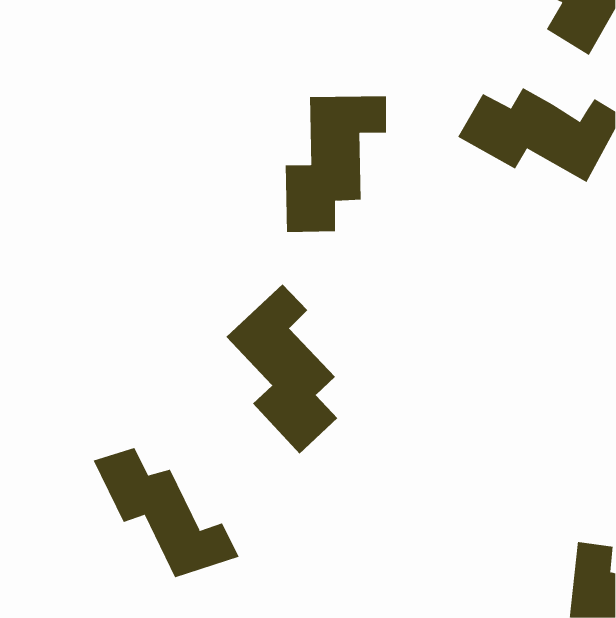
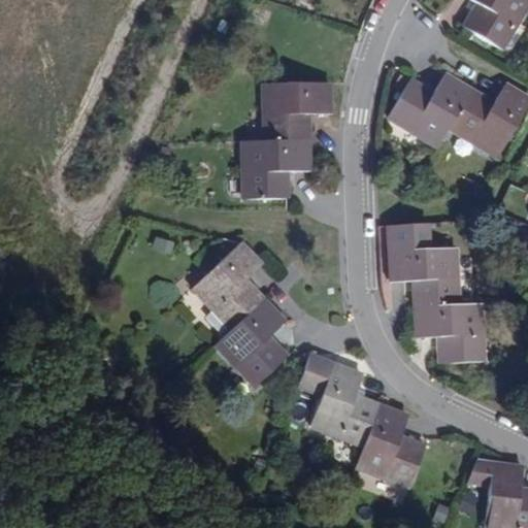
building: none -> [388,222,485,363]
building: none -> [298,354,424,486]
building: [93,447,239,578] -> none

